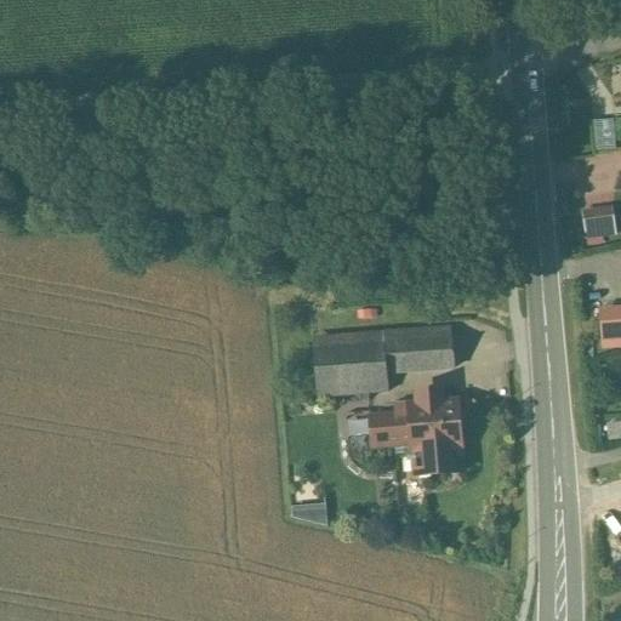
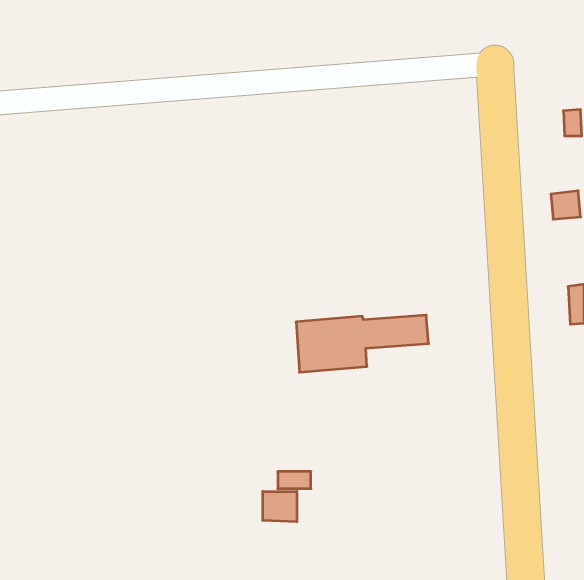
building: [371,389,463,473] -> none
building: none -> [263,491,297,522]

